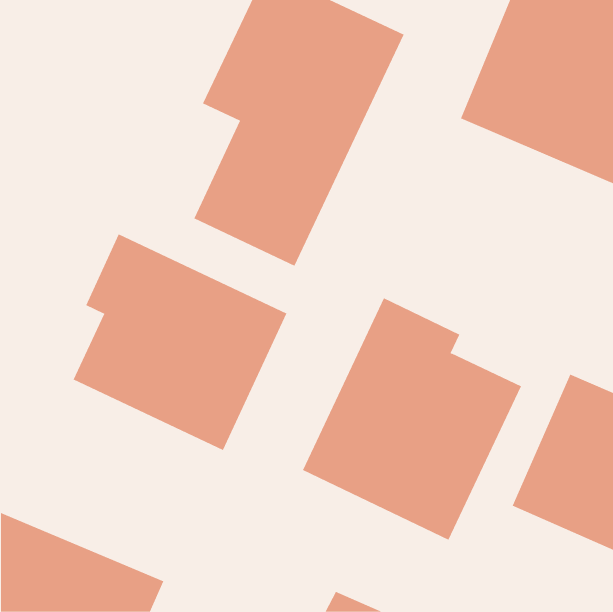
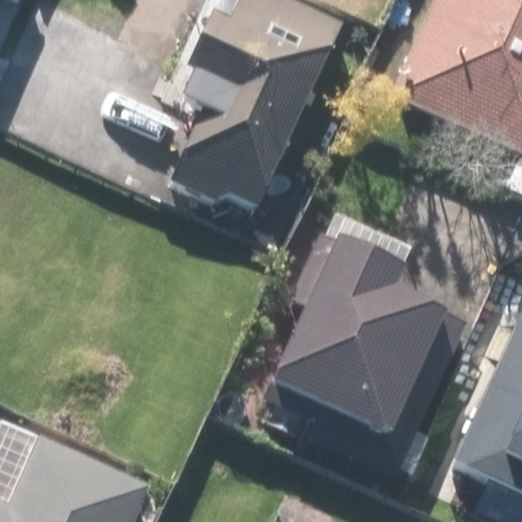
building: [73,234,287,451] -> none

